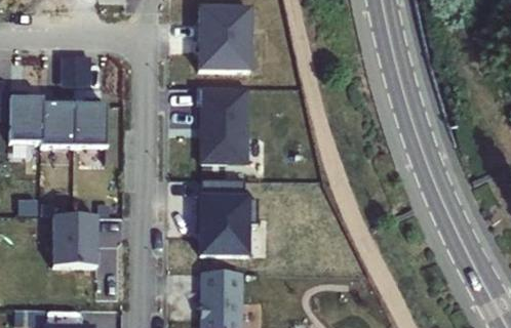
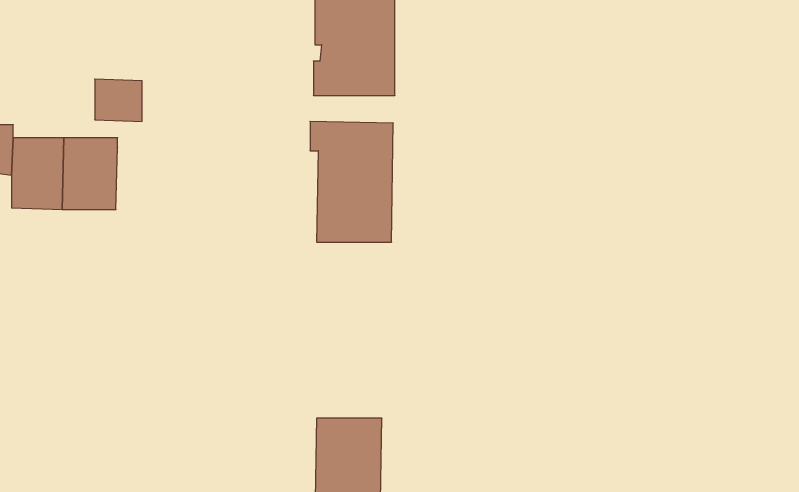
building: [75,101,108,141] -> none
building: [196,178,259,253] -> none
building: [53,214,97,264] -> none

